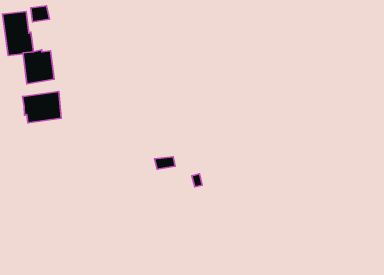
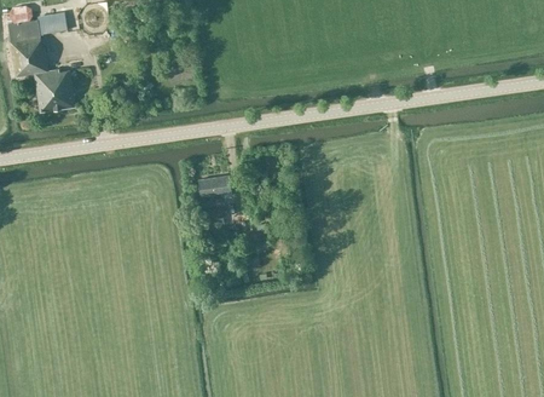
building: [22,91,61,123] -> none
building: none -> [199,176,232,196]

